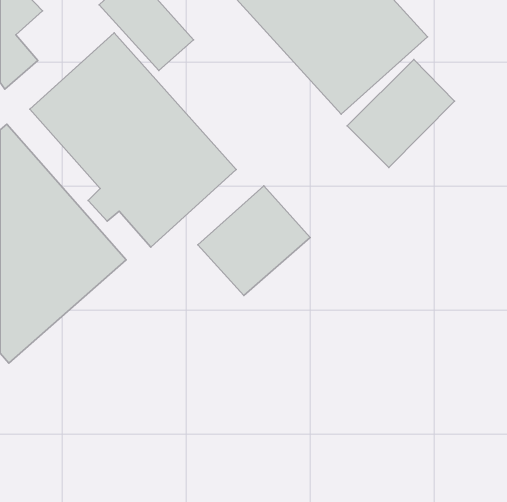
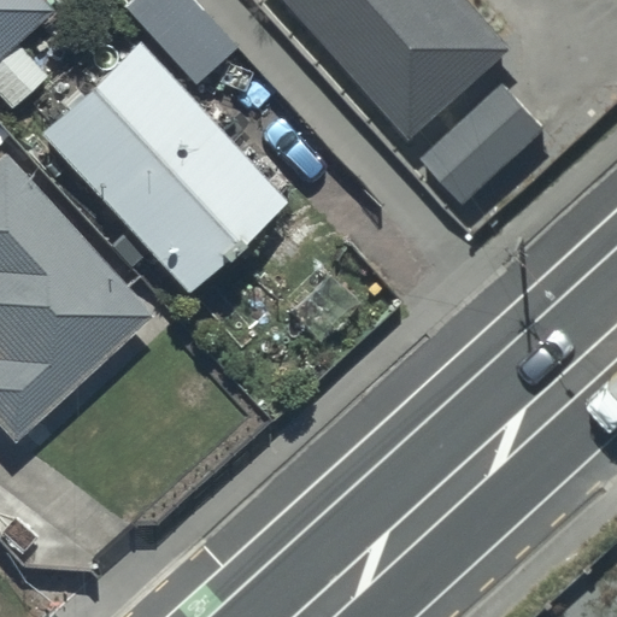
building: [198,186,310,295] -> none

